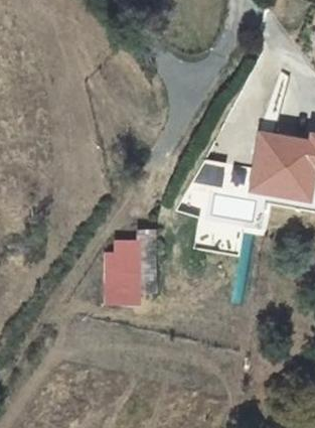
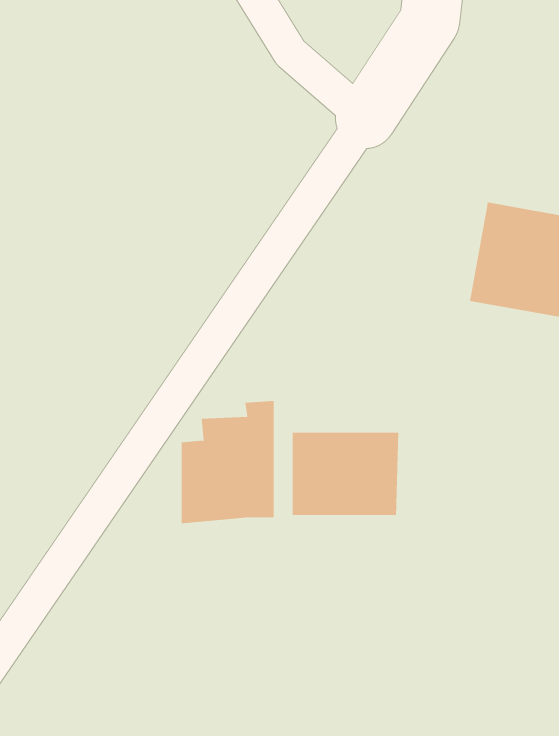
building: none -> [292,432,399,516]

